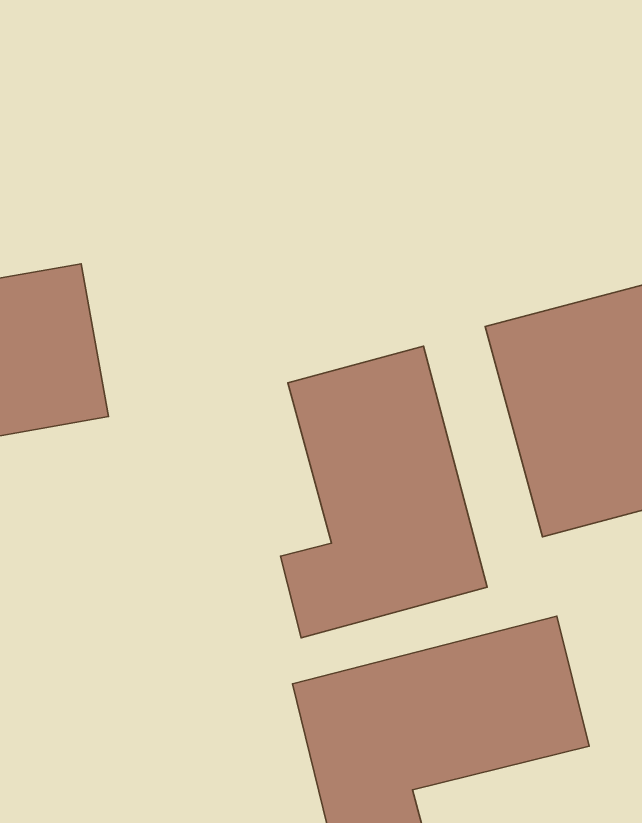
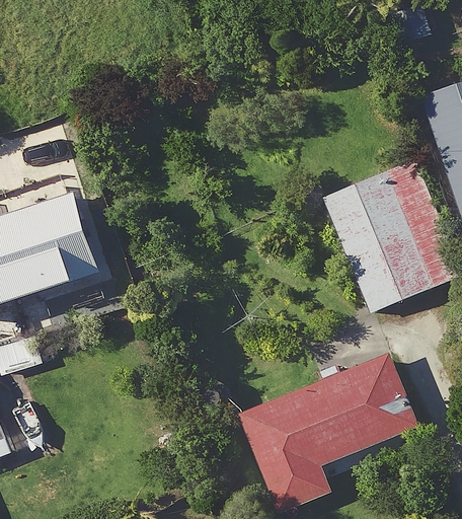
building: [280,346,487,638] -> none

